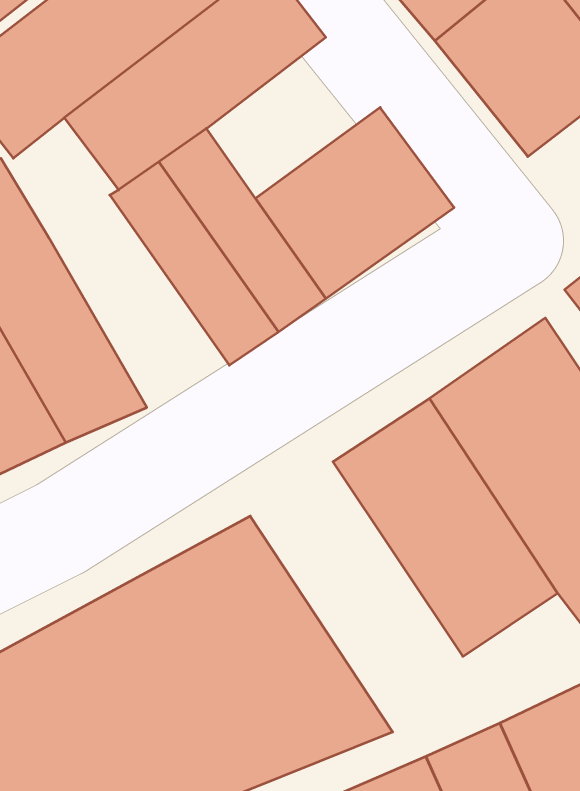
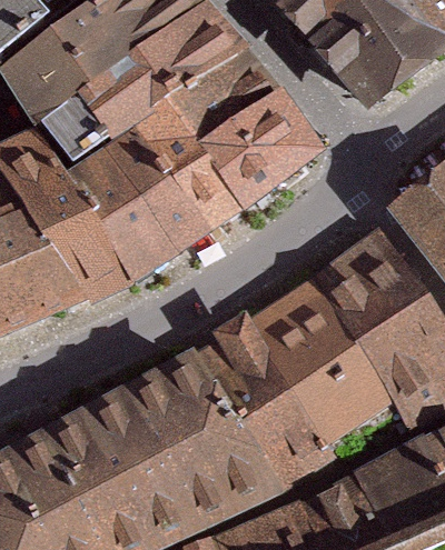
building: none -> [165,44,275,147]
building: none -> [65,144,179,279]
building: none -> [192,313,336,484]

